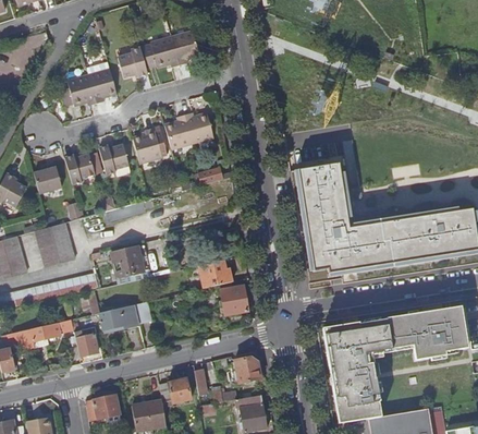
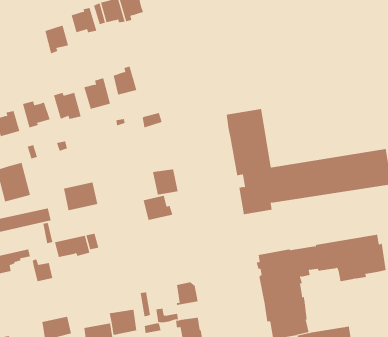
building: [60,75,95,104] -> none
building: [184,113,213,142] -> none
building: [219,286,248,315] -> [152,169,179,195]

